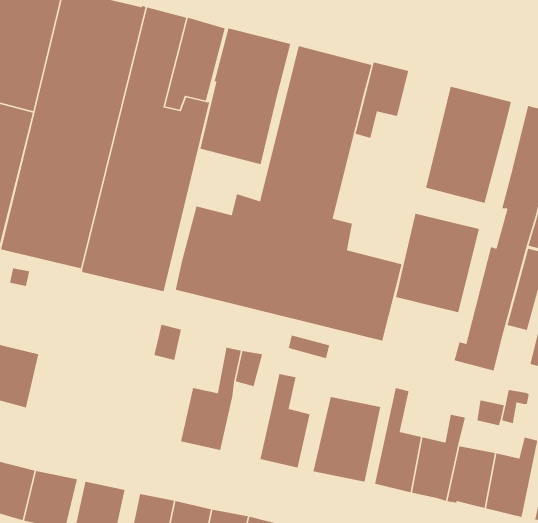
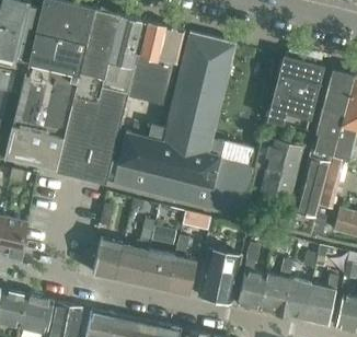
building: [355,61,409,139] -> none
building: none -> [92,240,124,279]
building: none -> [141,251,173,290]

